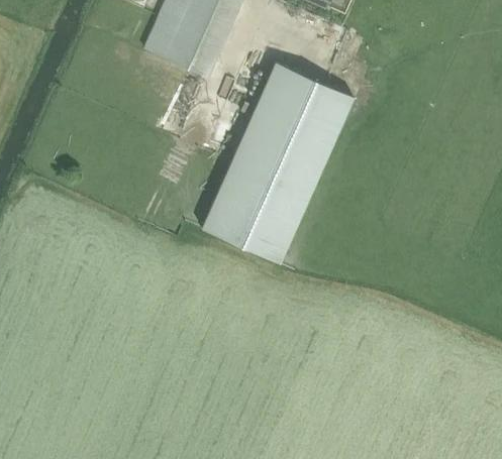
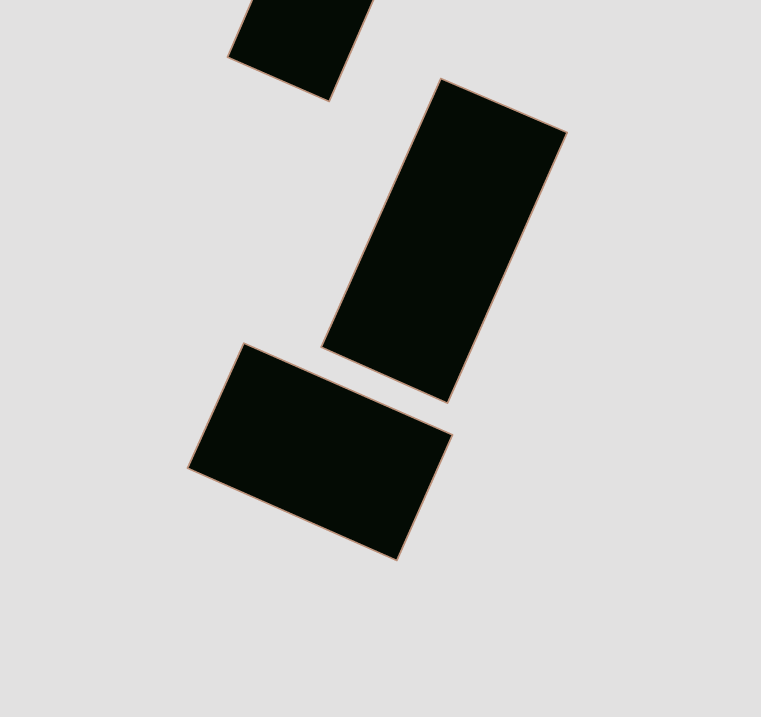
building: none -> [187,343,453,561]

